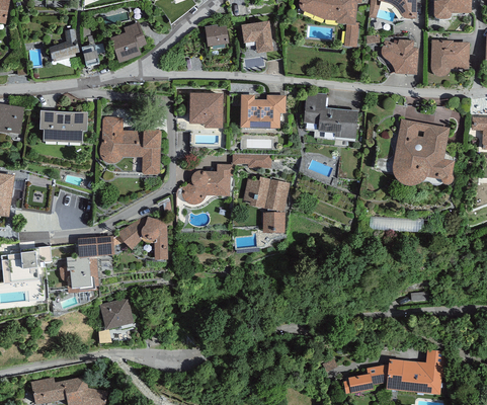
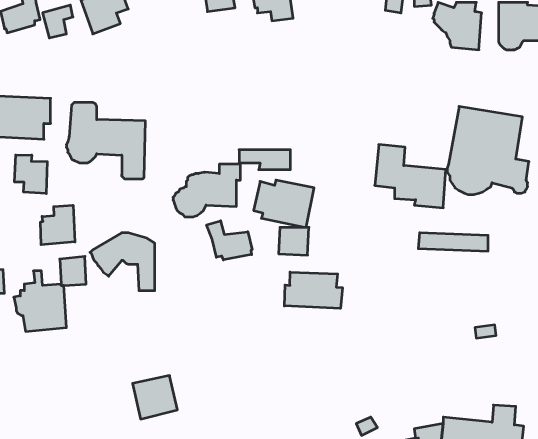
building: [304,90,358,139] -> [375,145,446,208]
building: [189,93,223,128] -> none
building: [240,94,286,129] -> none
building: none -> [15,155,47,194]
building: none -> [41,205,75,245]
building: none -> [207,221,252,260]
building: none -> [284,272,342,308]
building: [99,297,134,330] -> [133,376,177,419]

